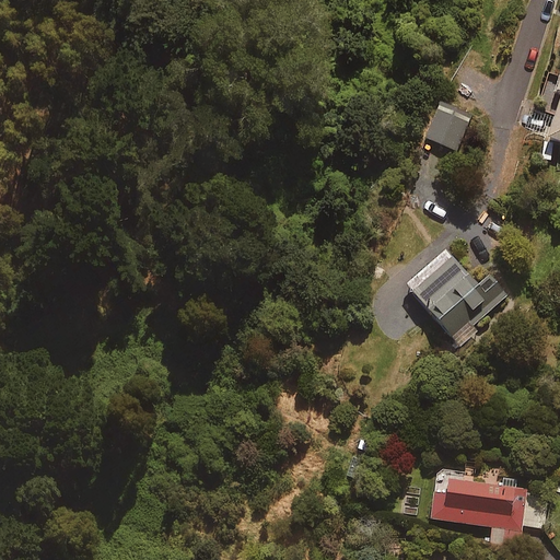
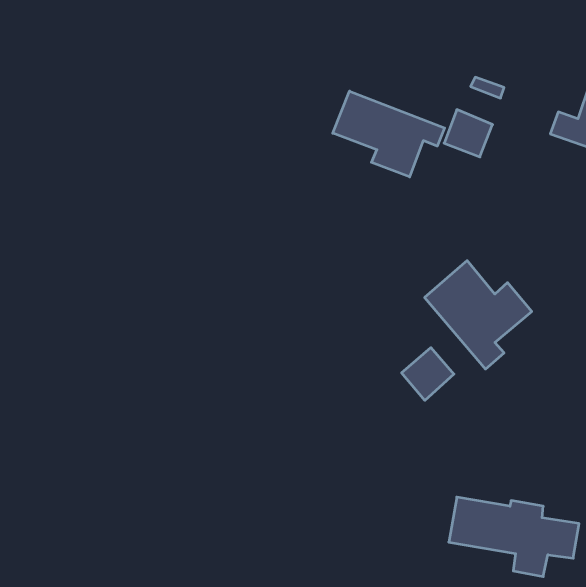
building: none -> [333,91,445,177]
building: none -> [402,348,454,400]

